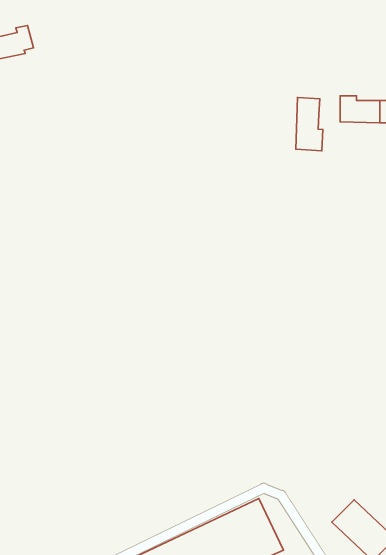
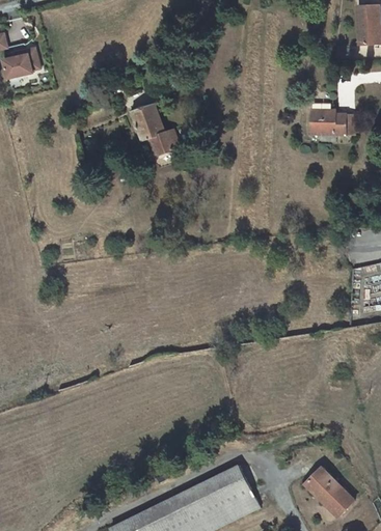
building: none -> [130,104,179,155]
building: [296,97,323,151] -> none

